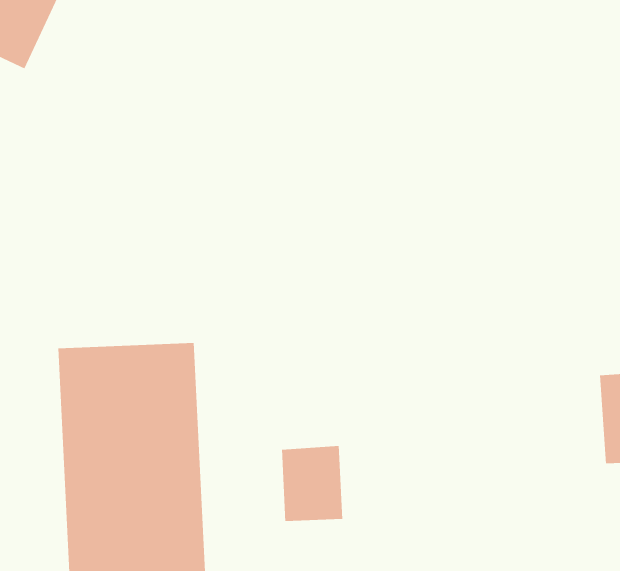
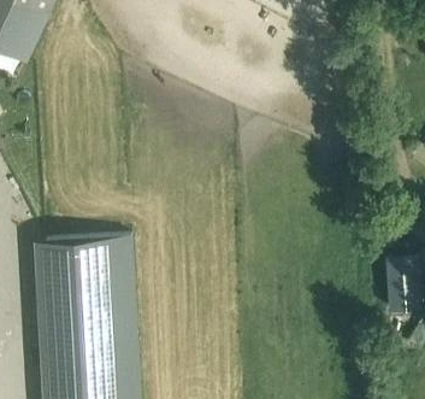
building: [281,445,343,522] -> none

